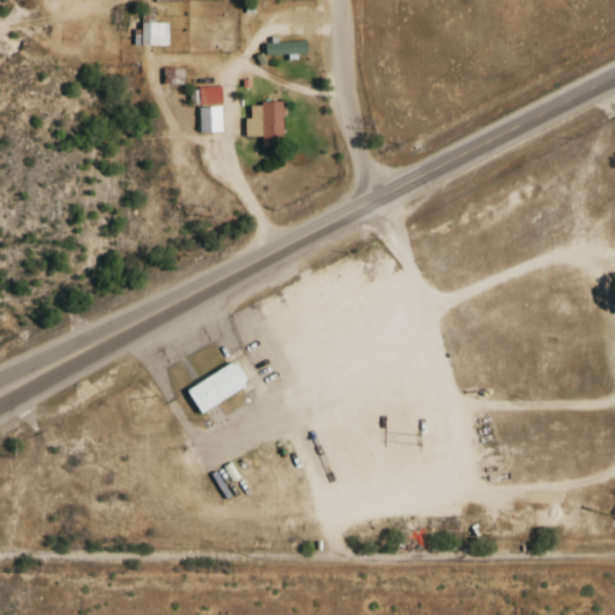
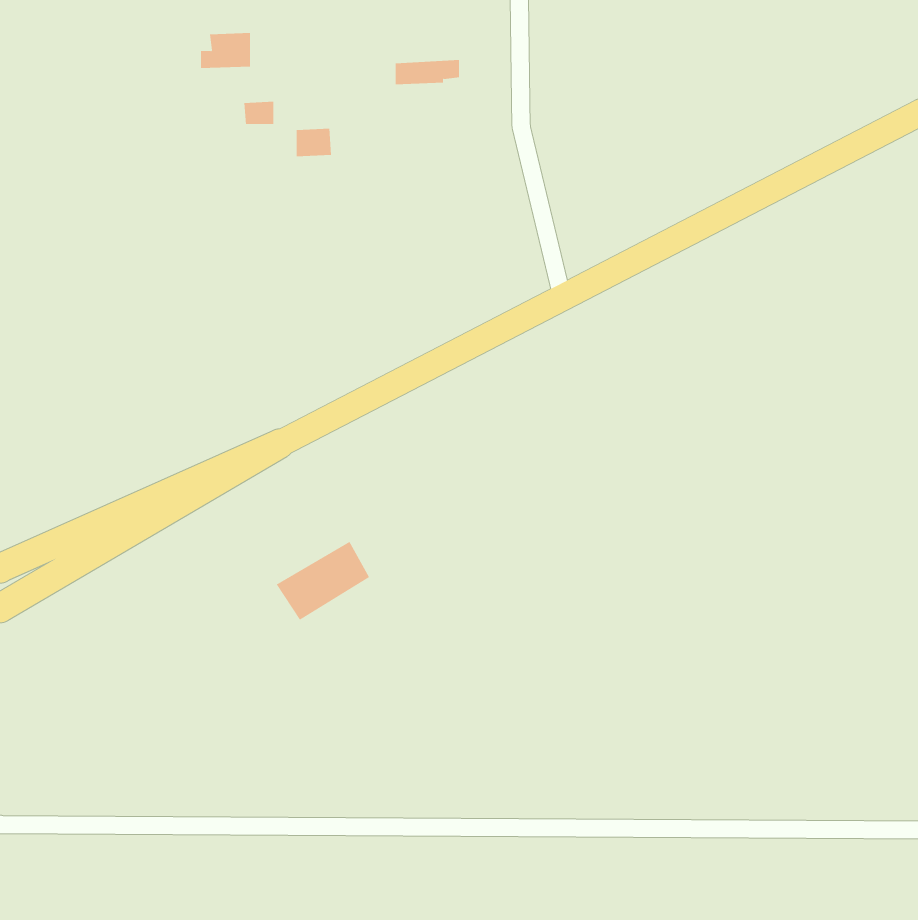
building: [246,102,285,147] -> none
building: [201,106,223,131] -> none

